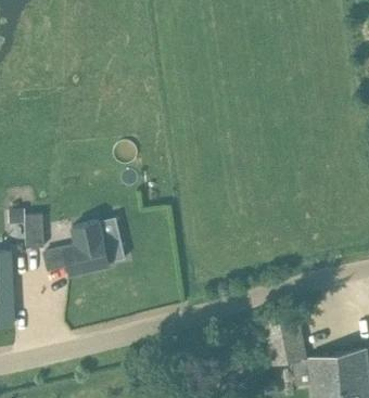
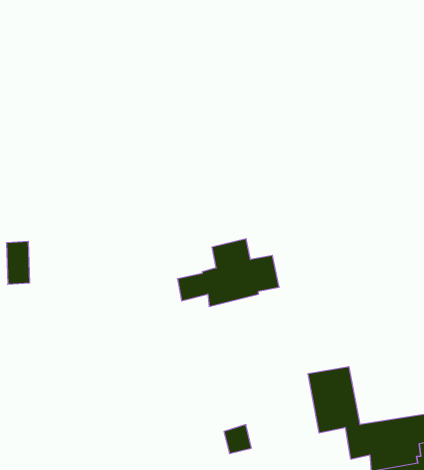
building: [46,222,126,275] -> [177,239,279,306]

